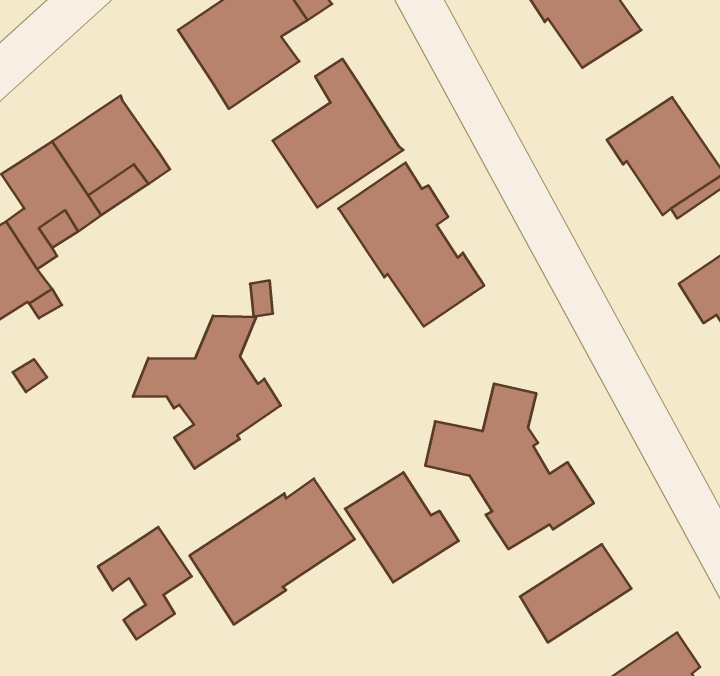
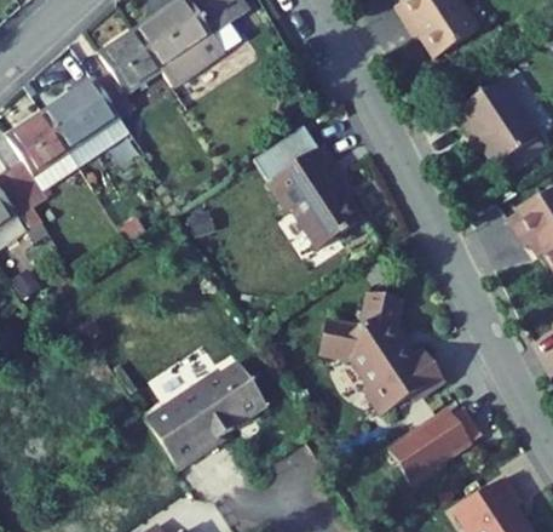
building: none -> [94,28,161,116]
building: [273,59,403,207] -> none
building: [133,316,281,469] -> none
building: [345,472,459,582] -> none
building: [98,527,192,639] -> none

